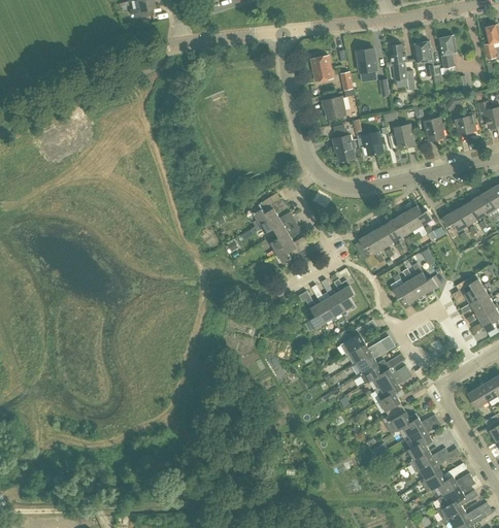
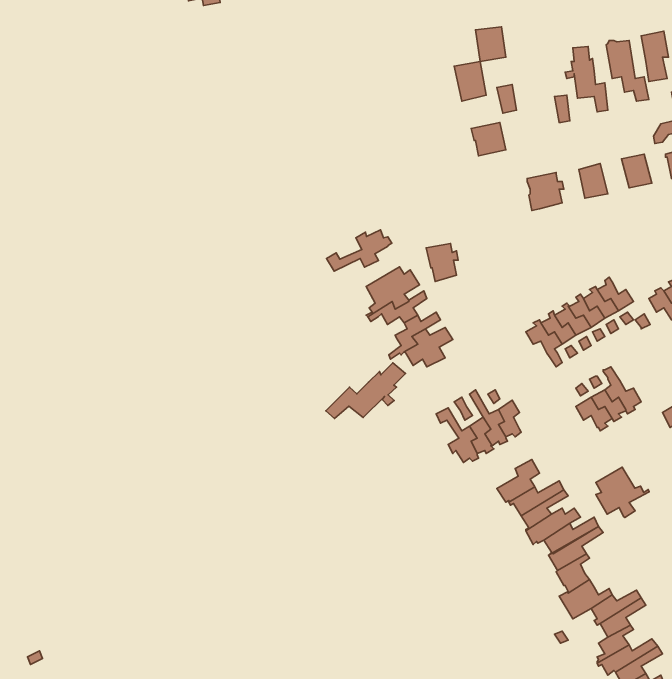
building: [356,50,376,73] -> [476,27,506,62]
building: [333,136,355,162] -> [426,243,458,281]
building: none -> [327,230,392,271]
building: none -> [326,363,406,418]
building: none -> [596,467,649,518]

